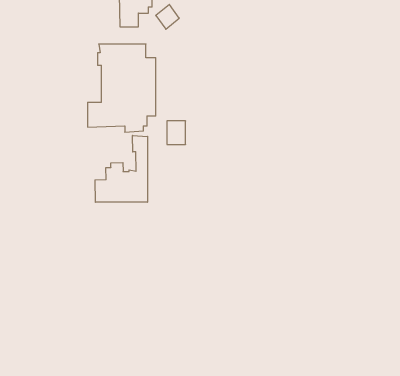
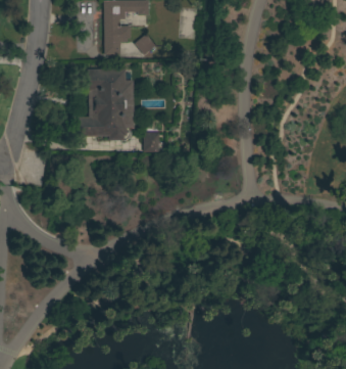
building: [95,135,148,202] -> none

